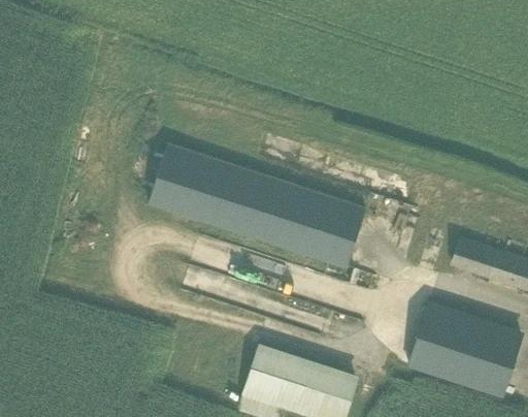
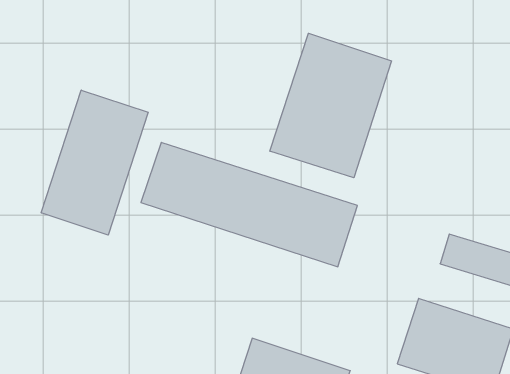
building: none -> [270,33,391,178]
building: none -> [41,90,148,235]

